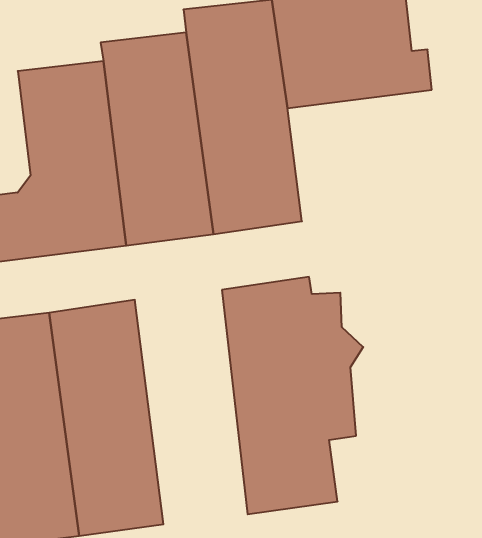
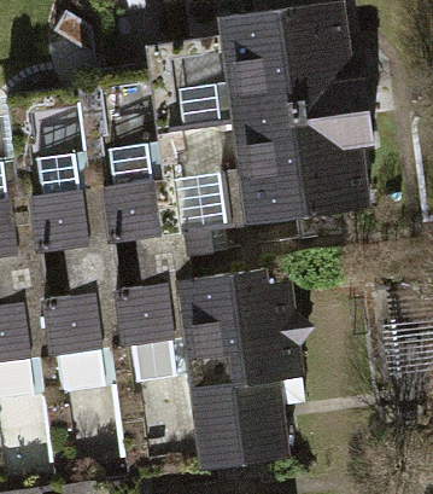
building: none -> [248,110,375,221]
building: none -> [119,279,215,477]

